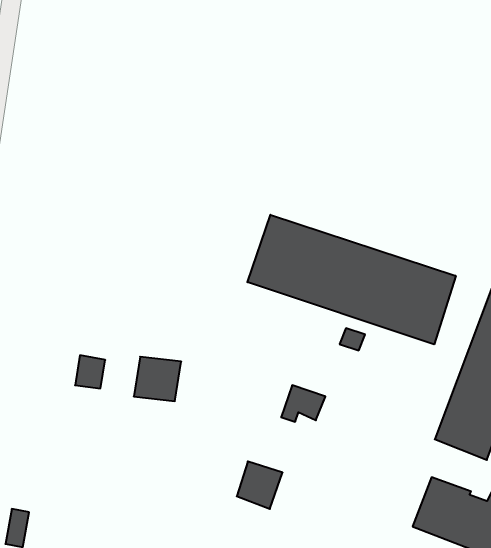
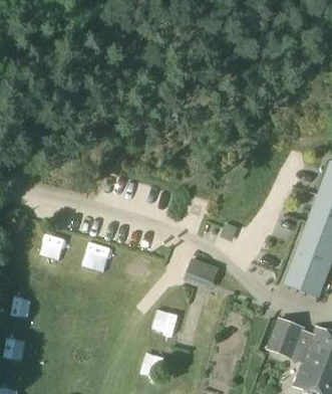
building: [247,215,456,344] -> none

